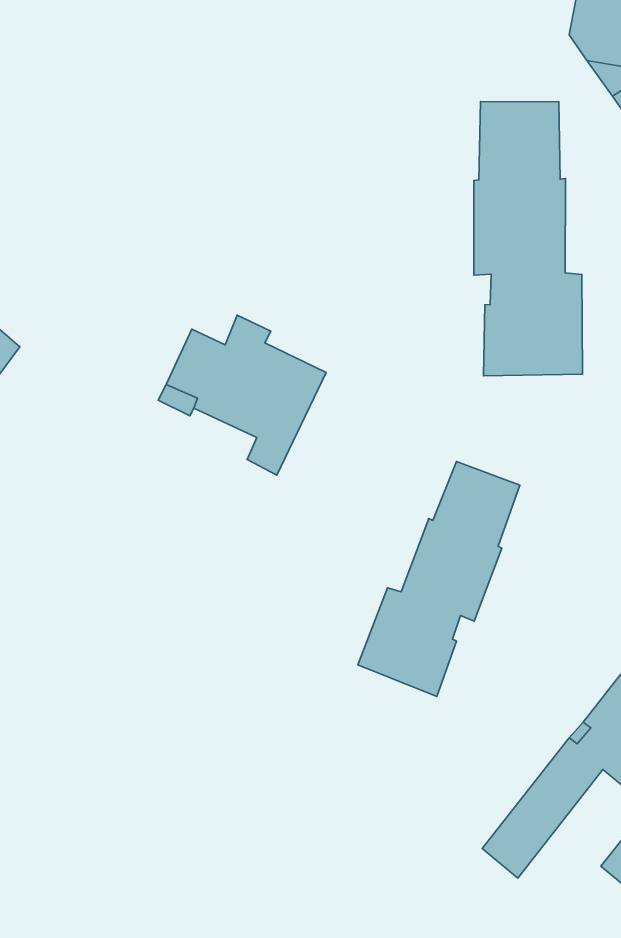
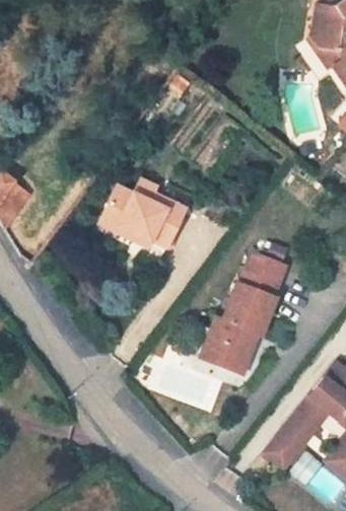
building: [474,101,582,376] -> none

